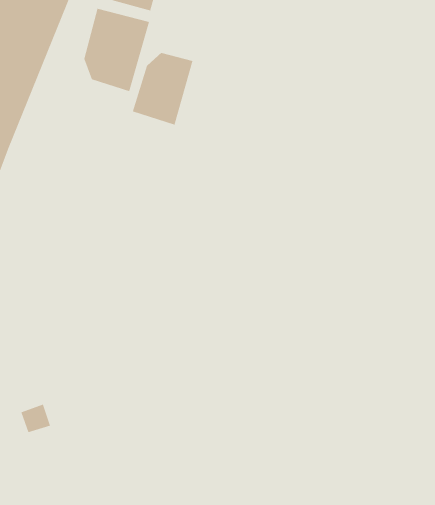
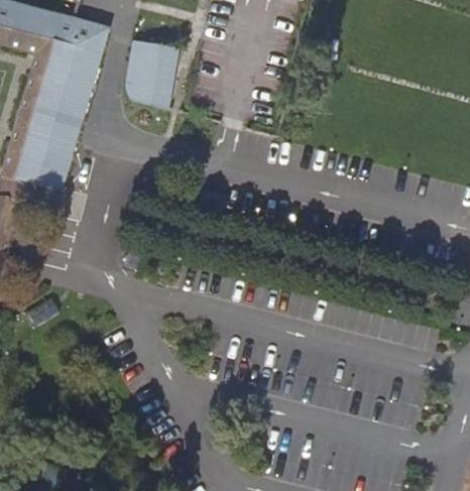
building: [132,52,193,125] -> none

